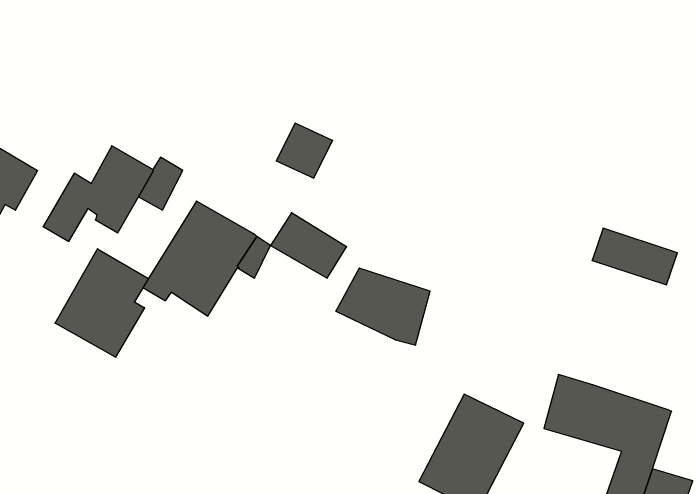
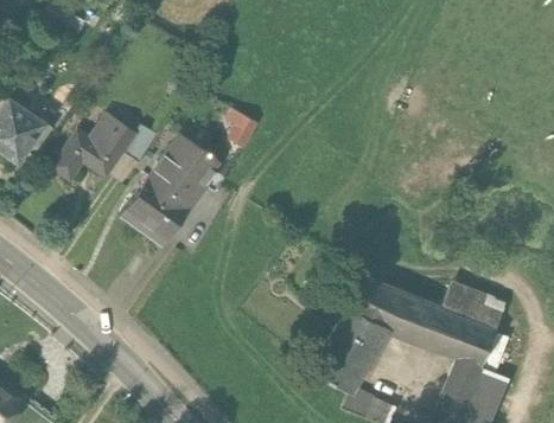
building: [270,213,347,278] -> [164,135,218,184]
building: [592,228,677,285] -> [440,287,502,331]
building: [55,249,148,357] -> none
building: [336,268,430,345] -> [346,280,415,338]

